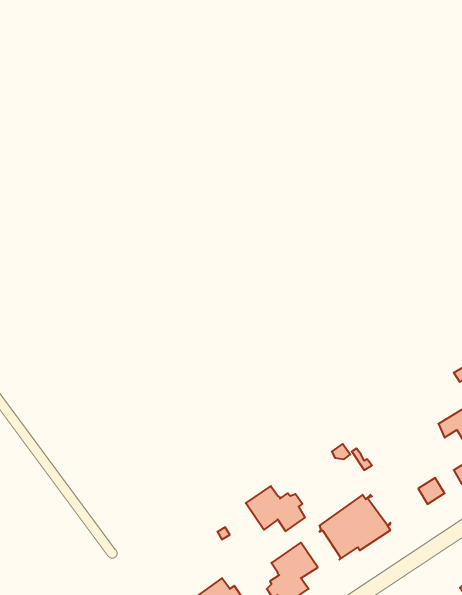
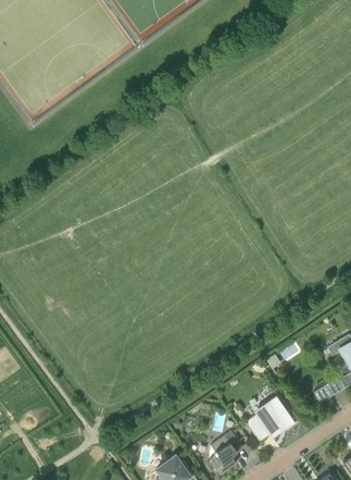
building: [246,486,305,531] -> none

